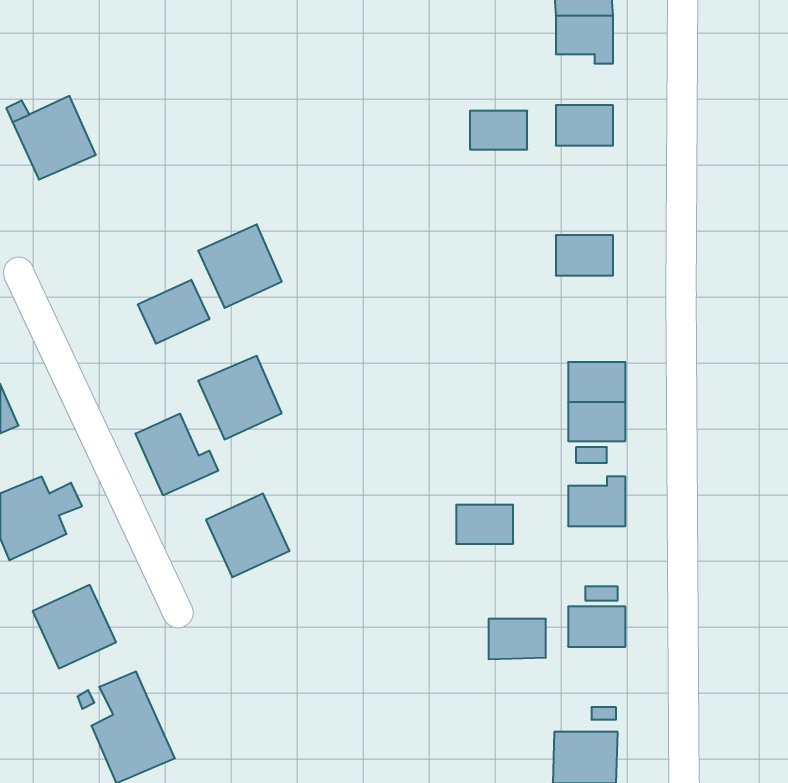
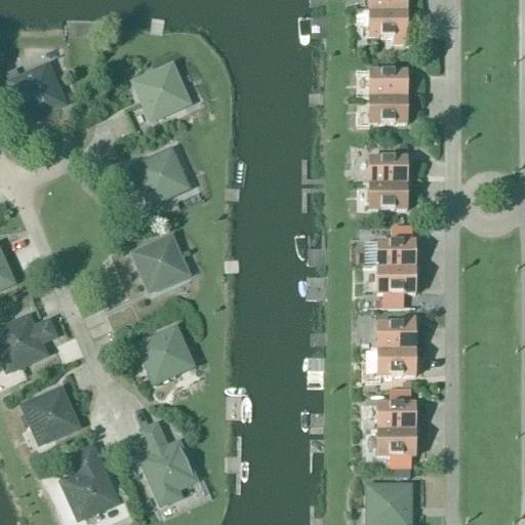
building: none -> [134,64,190,119]
building: [470,111,527,149] -> [370,96,408,122]
building: none -> [370,183,408,208]
building: [138,280,209,344] -> none
building: [135,414,218,495] -> none
building: [456,505,513,544] -> [378,349,416,374]
building: [489,619,546,659] -> [378,429,416,455]
building: none -> [138,420,197,504]

